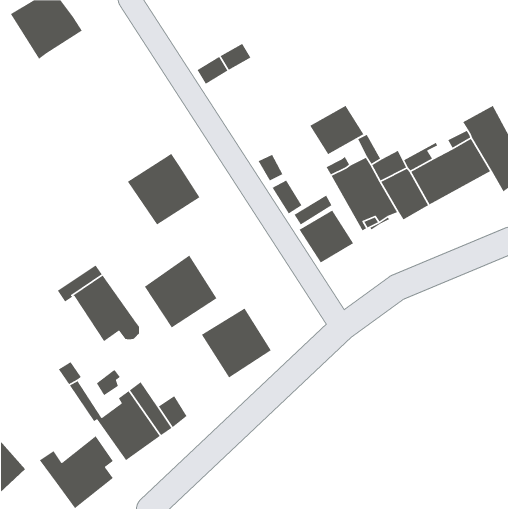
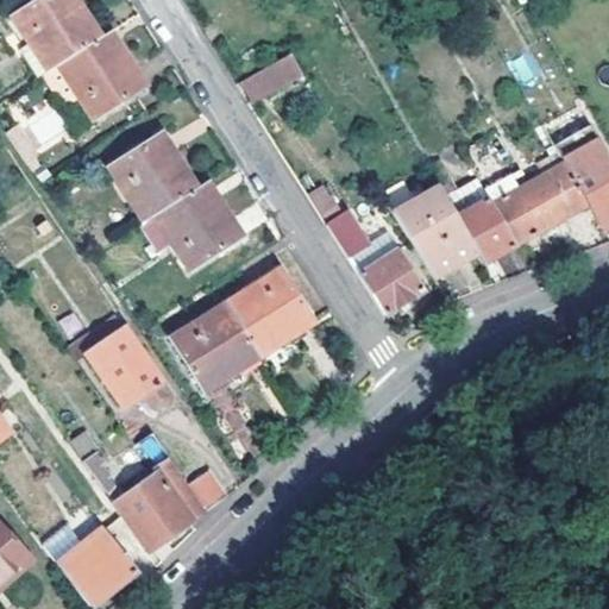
building: none -> [43,31,145,119]
building: [309,105,365,155] -> none
building: none -> [109,133,197,221]
building: [201,307,272,378] -> [228,271,313,356]

